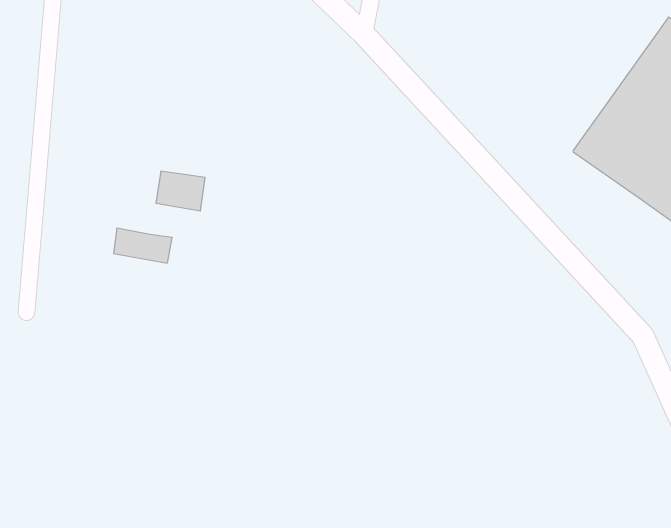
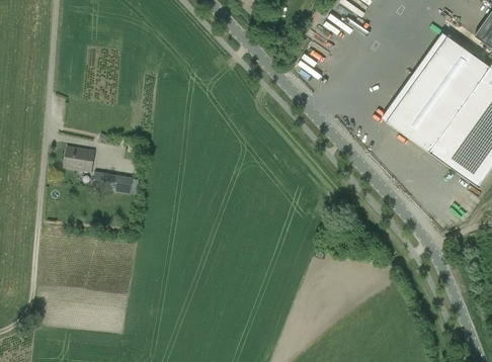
building: [156,171,205,211] -> [63,146,94,171]

